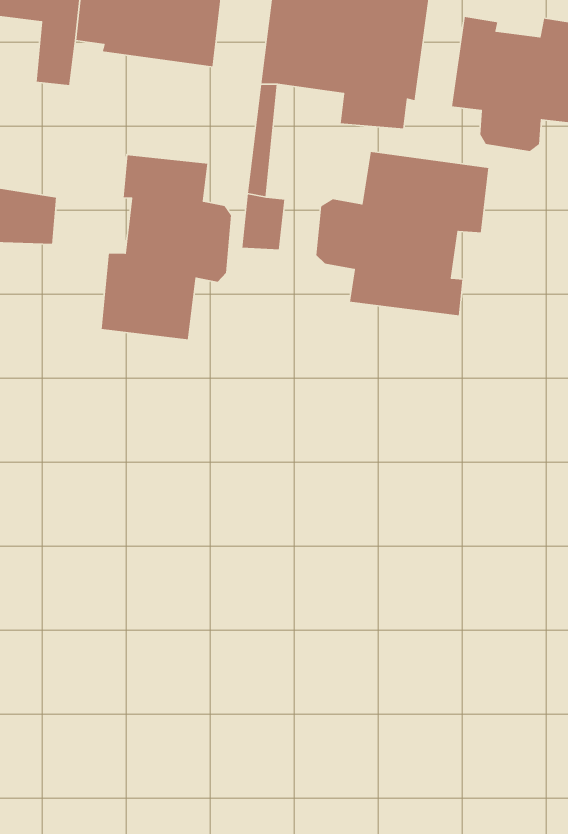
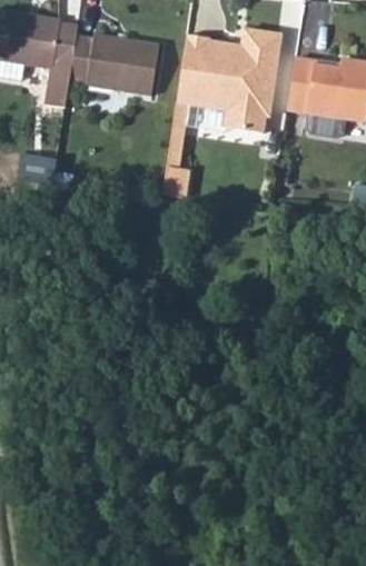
building: [315,151,489,316] -> none
building: [101,155,232,340] -> none

